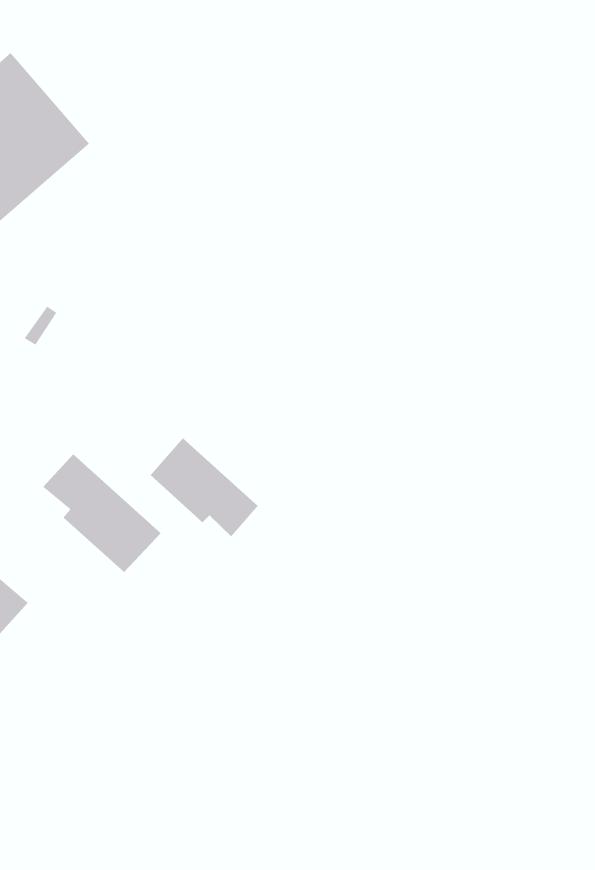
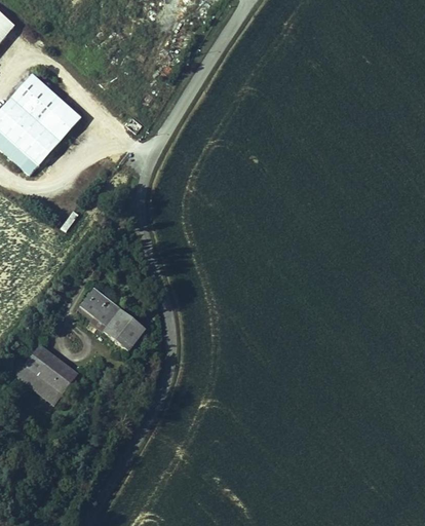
building: [150,438,258,537] -> none

